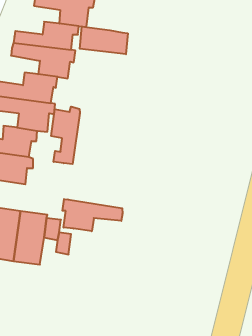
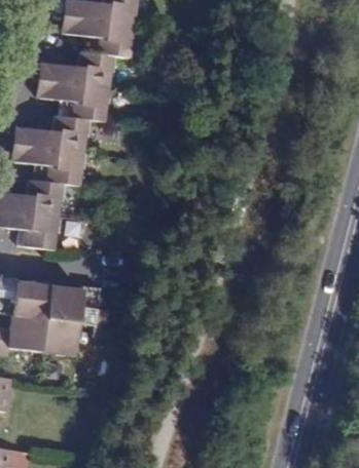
building: [80,26,128,54] -> none
building: [51,107,80,164] -> none
building: [62,199,122,231] -> none

